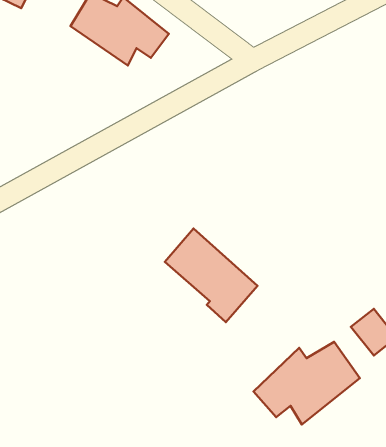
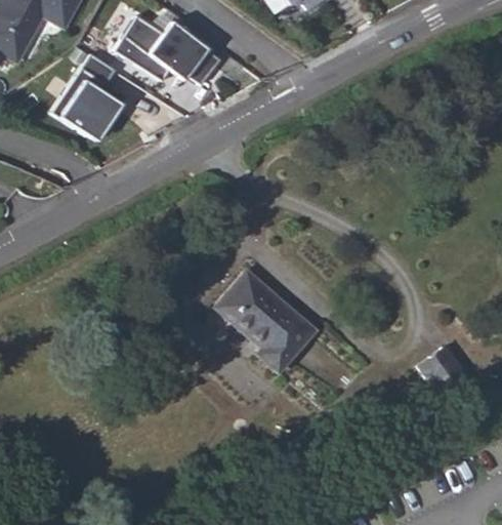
building: none -> [50,53,123,145]
building: [253,342,360,424] -> none

